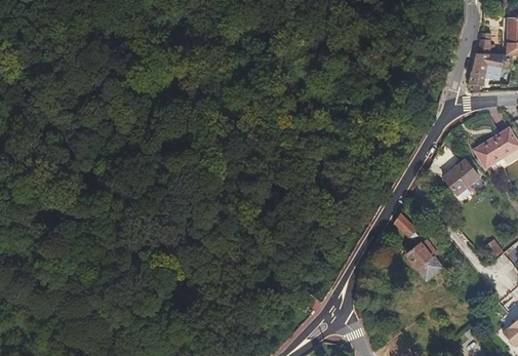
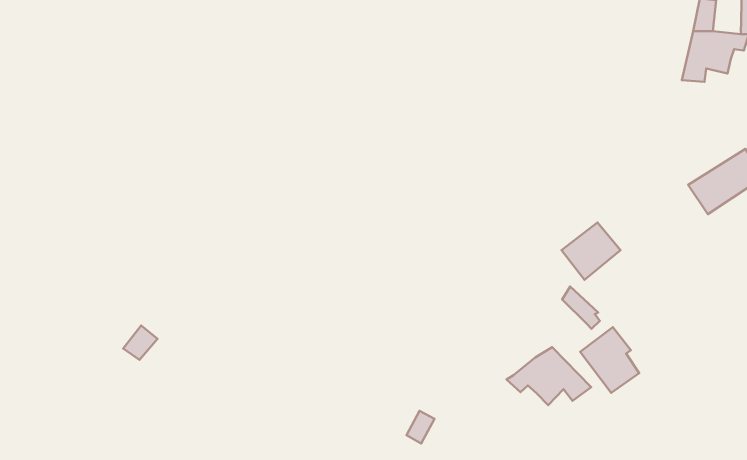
building: [442,159,479,195] -> [561,222,620,280]
building: none -> [506,347,591,405]

